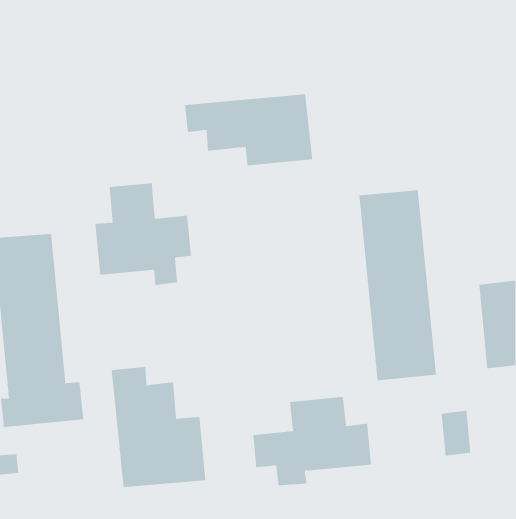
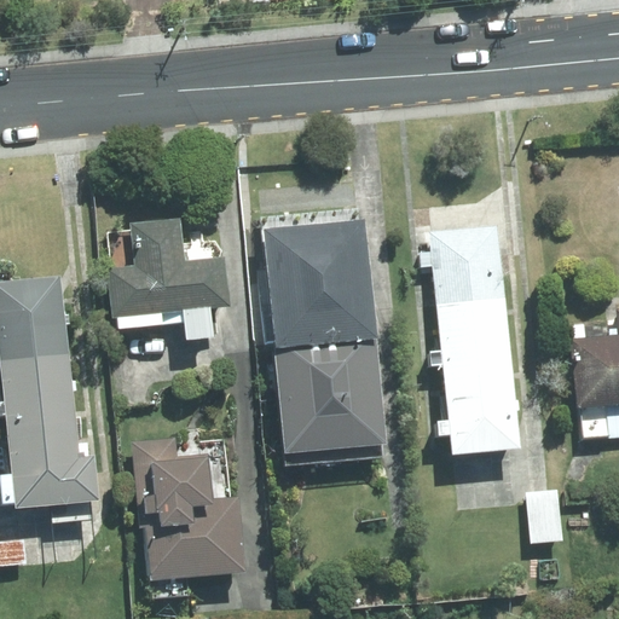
building: [184,94,313,166] -> none
building: none -> [265,218,384,452]
building: [253,396,372,486] -> none

